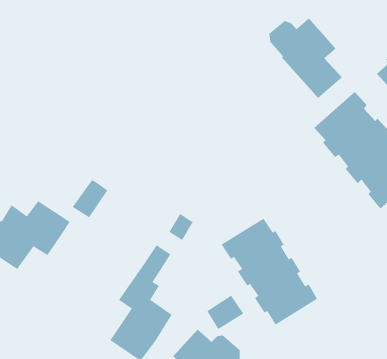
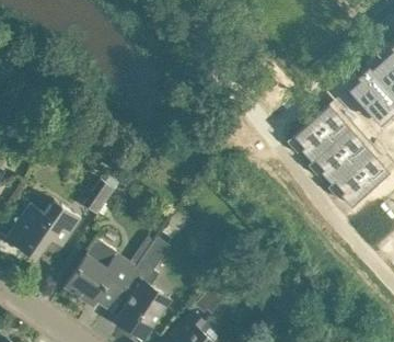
building: [269,17,343,99] -> none
building: [221,218,318,325] -> none
building: none -> [65,240,144,305]

